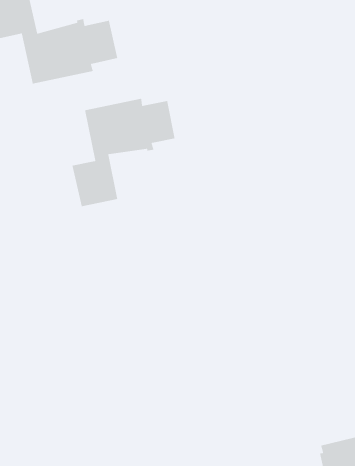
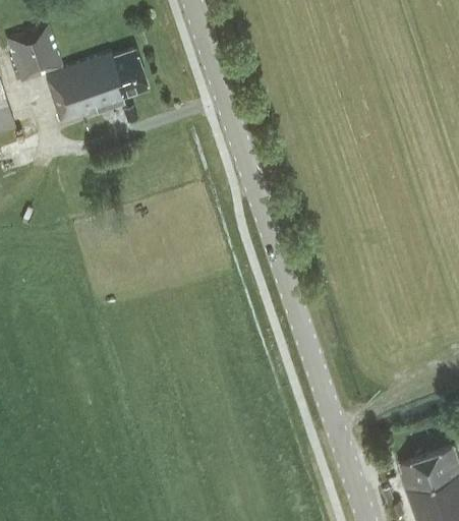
building: [72,98,175,207] -> none

